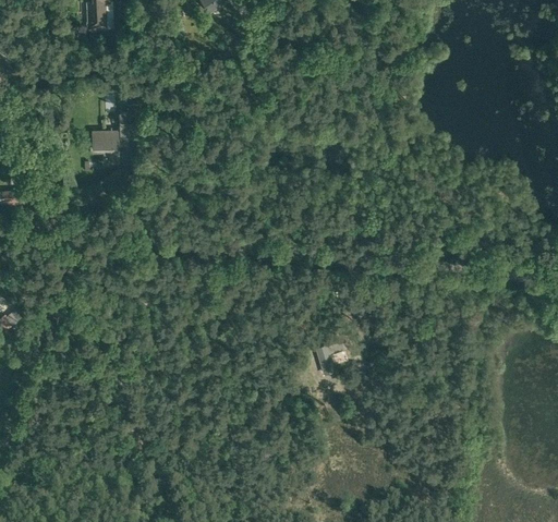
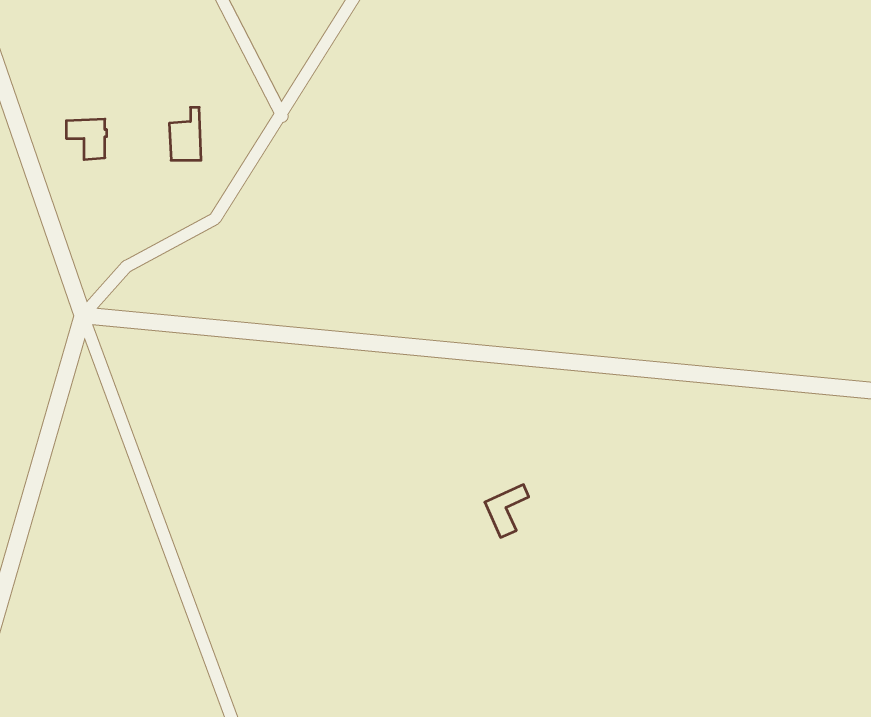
building: [94,137,119,162] -> [66,119,107,160]

